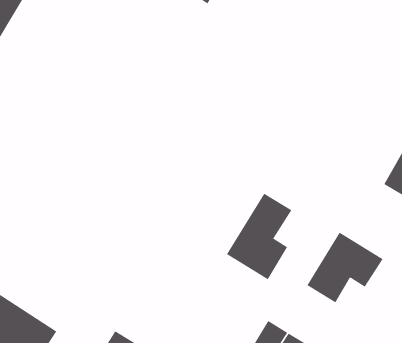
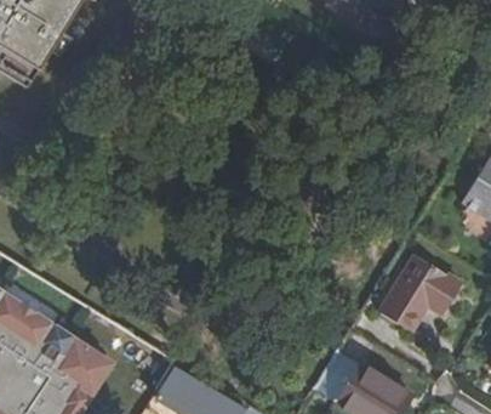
building: [226,193,292,280] -> none

